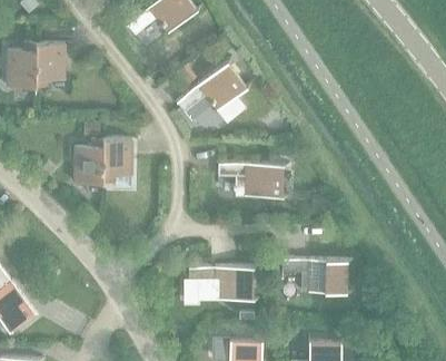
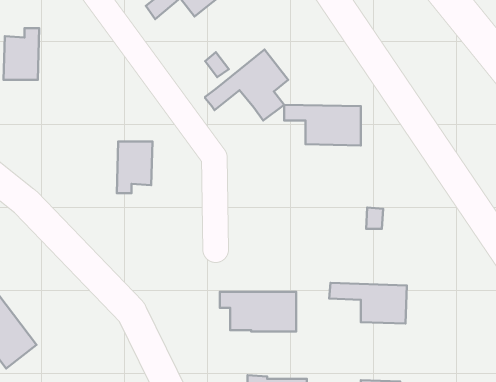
building: [36,45,65,89] -> none
building: [73,140,103,199] -> none
building: [218,164,283,198] -> [284,105,361,146]

